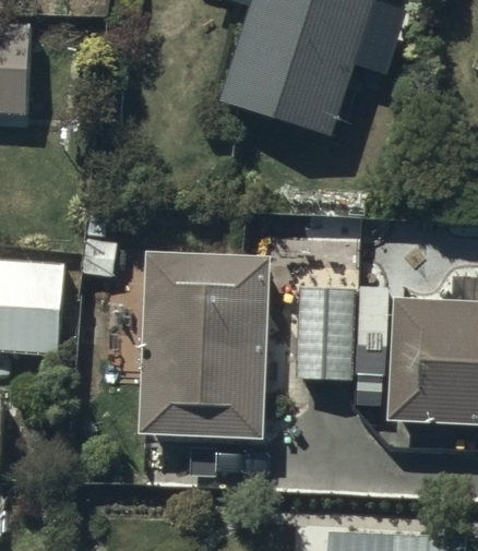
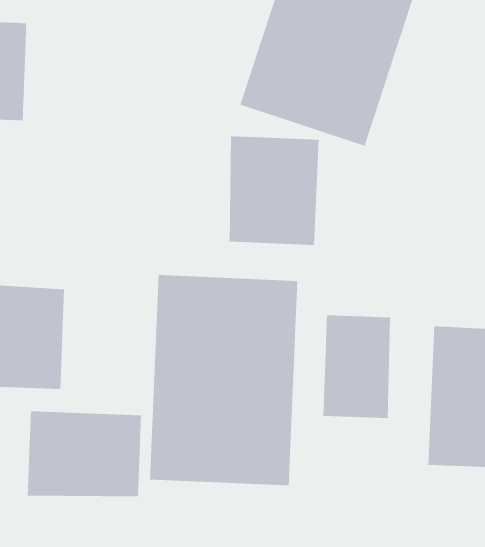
building: none -> [229,135,319,246]
building: none -> [27,411,142,497]

